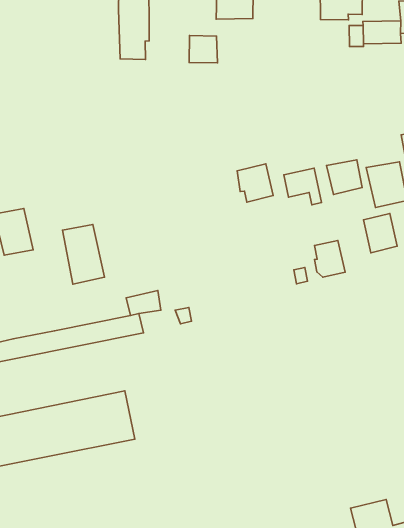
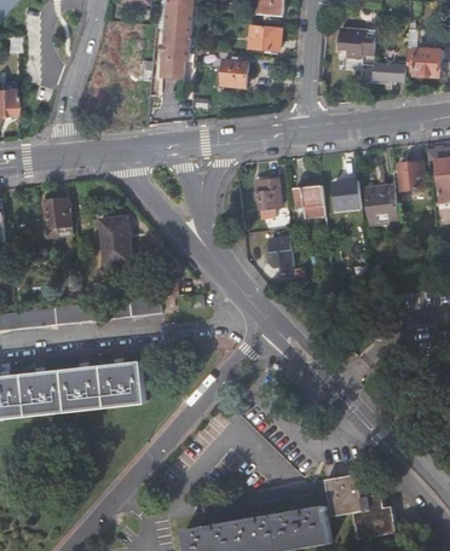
building: [363,213,397,253] -> none
building: [314,240,345,277] -> [270,239,295,269]

